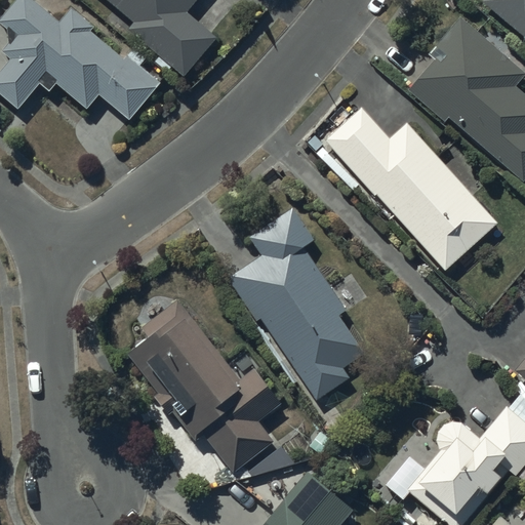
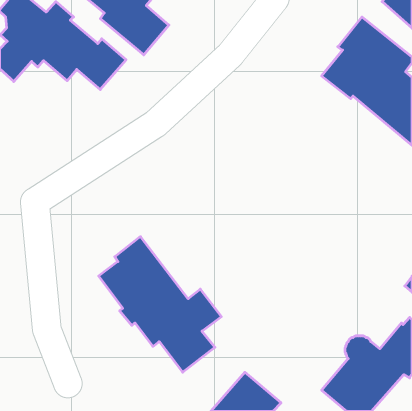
building: [324,109,501,273] -> none
building: [229,210,365,402] -> none

